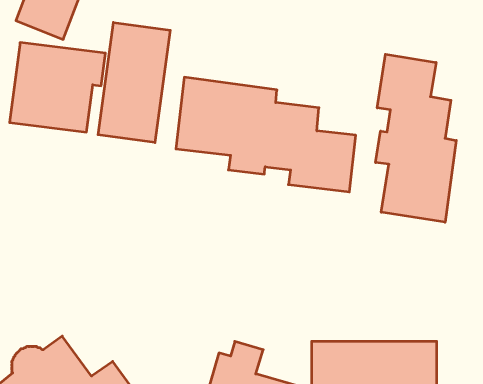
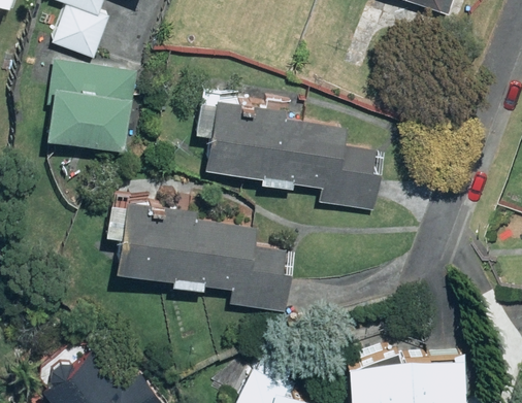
building: [98,22,170,143] -> none
building: [376,54,456,222] -> none
building: none -> [106,200,294,316]

